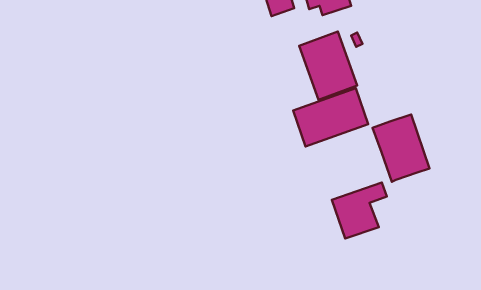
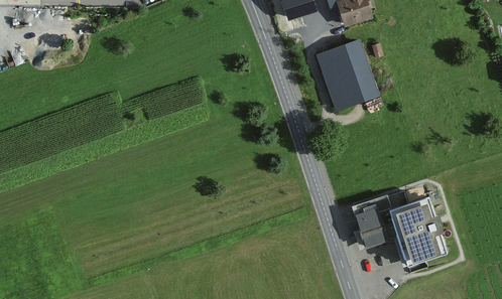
building: [293,88,368,147] -> none
building: [372,114,430,182] -> [390,199,447,266]

